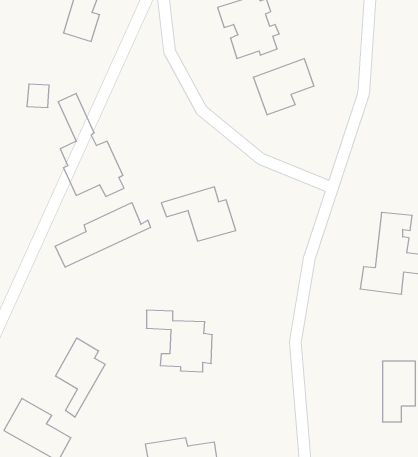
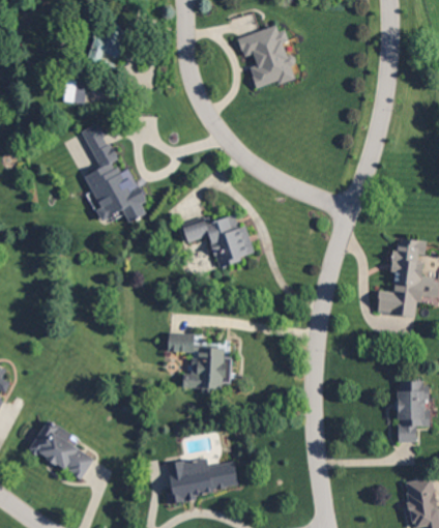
building: [253,59,314,115] -> none
building: [27,84,49,107] -> [64,81,86,104]
building: [55,203,150,267] -> none
building: [56,338,105,417] -> none

